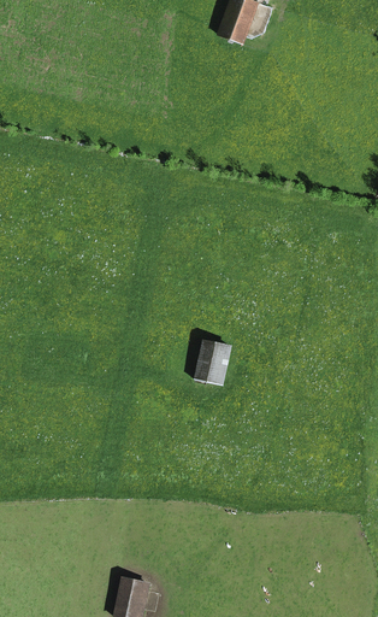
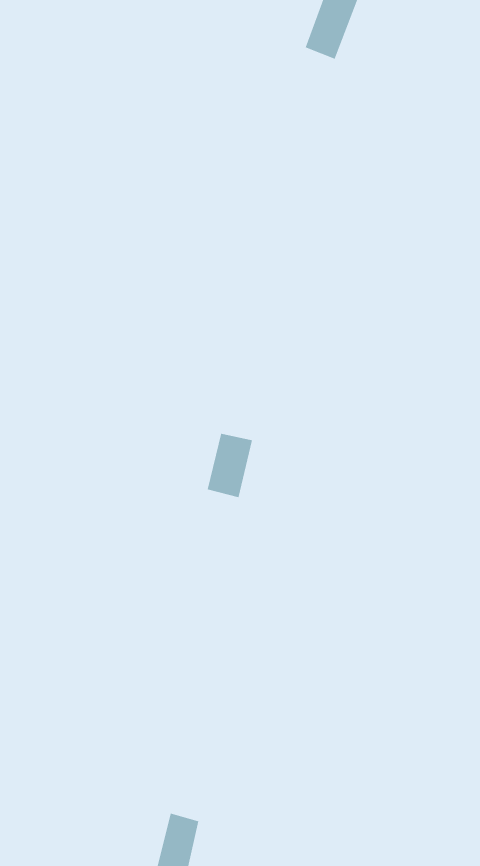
building: [196,340,229,386] -> [207,433,253,498]

